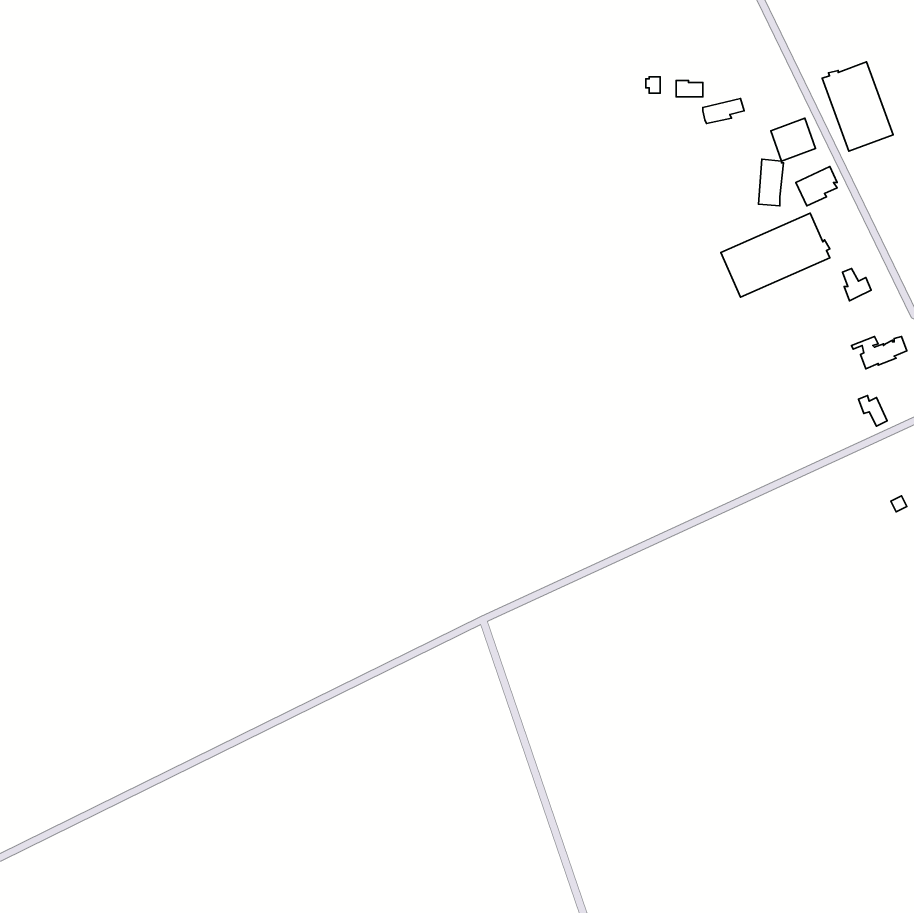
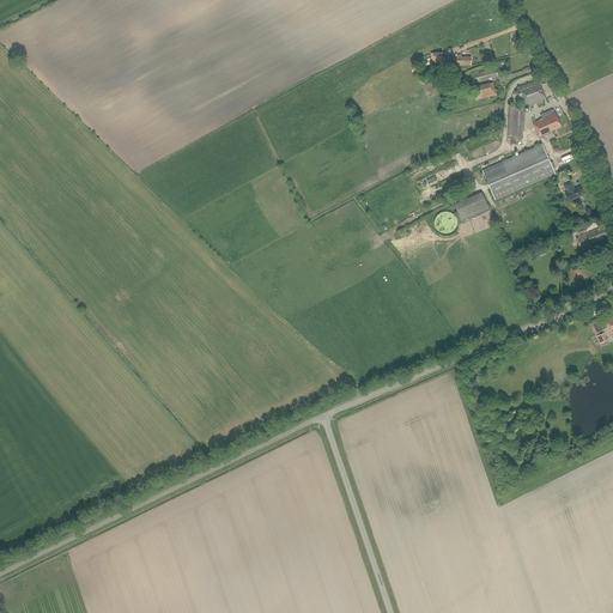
building: [822,62,893,151] -> none
building: none -> [454,190,490,220]

